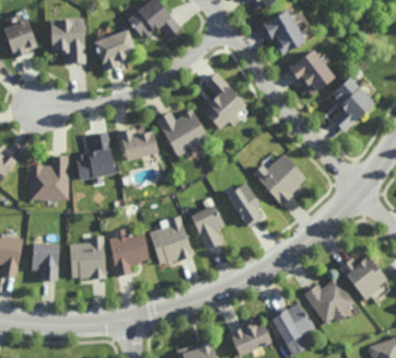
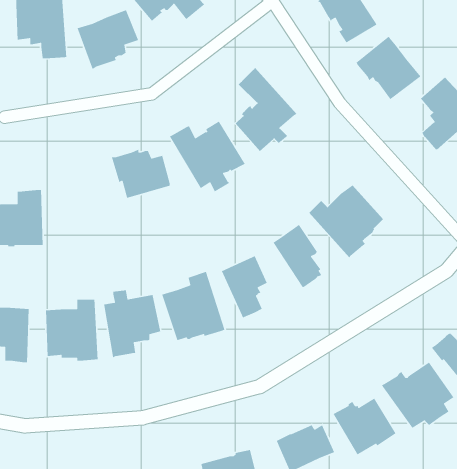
building: [77,134,115,177] -> none

